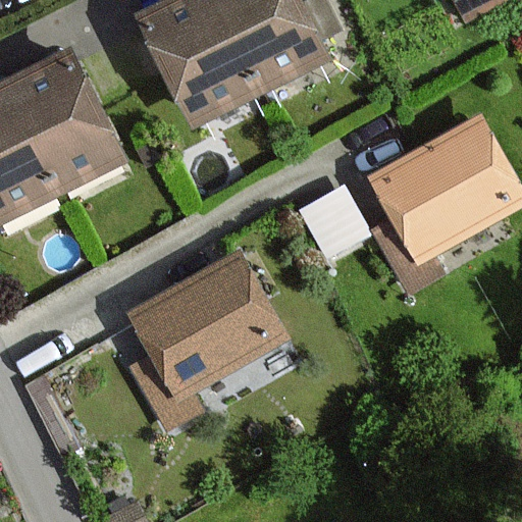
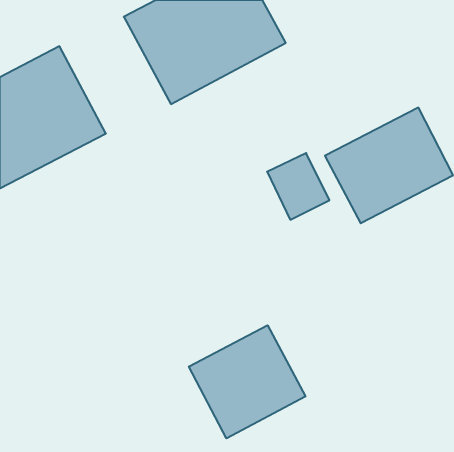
building: [133,260,282,396] -> none
building: none -> [189,325,305,438]

